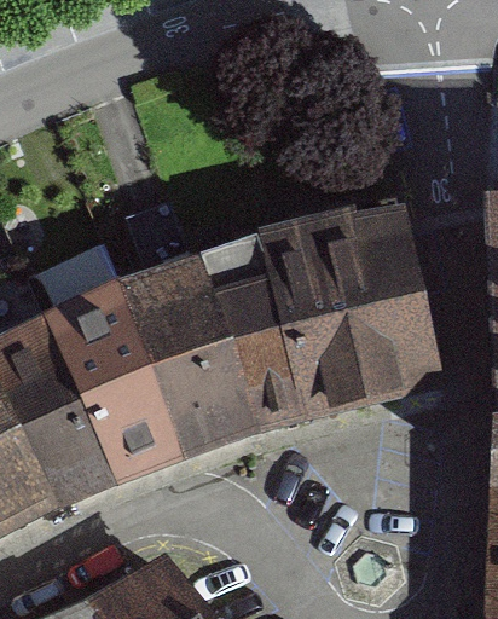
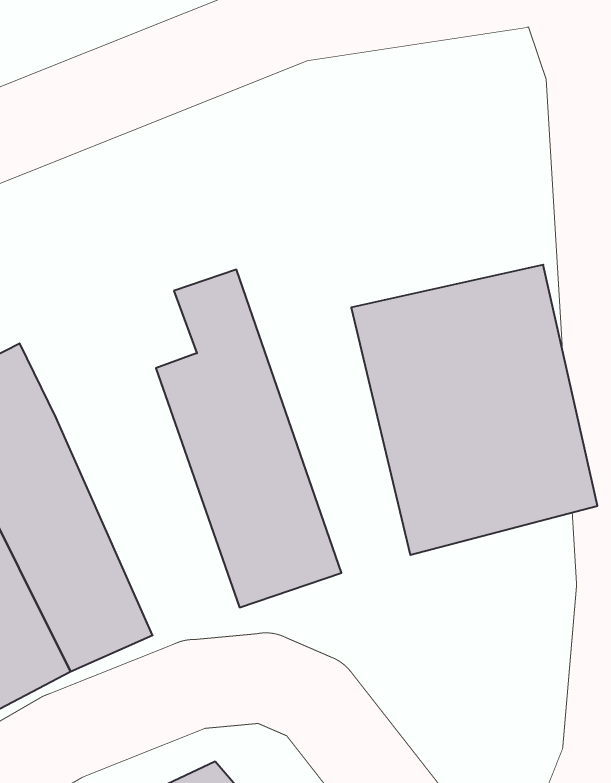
building: [196,237,307,433] -> none
building: [46,282,181,479] -> none

